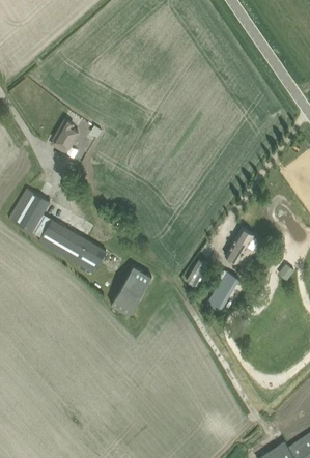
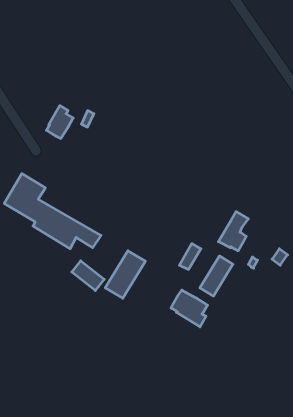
building: none -> [72,261,104,291]
building: none -> [171,290,208,327]

